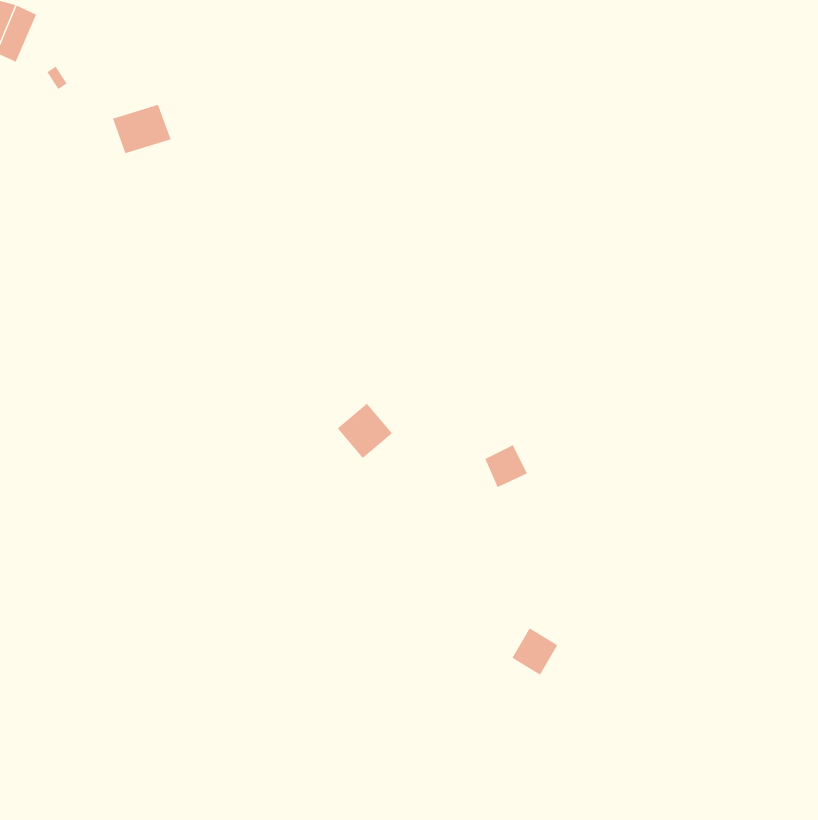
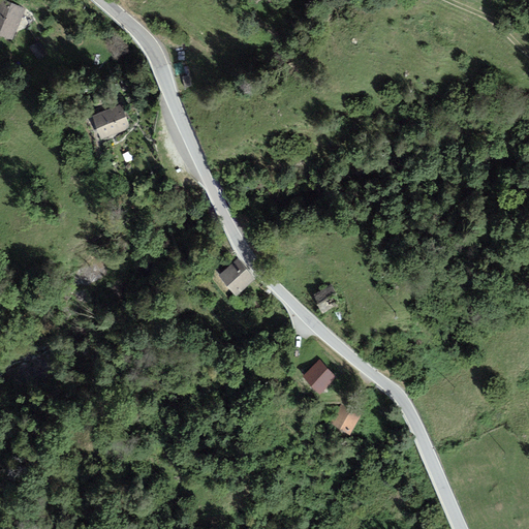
building: [112,104,171,154] -> [91,106,129,138]
building: none -> [301,360,336,395]

